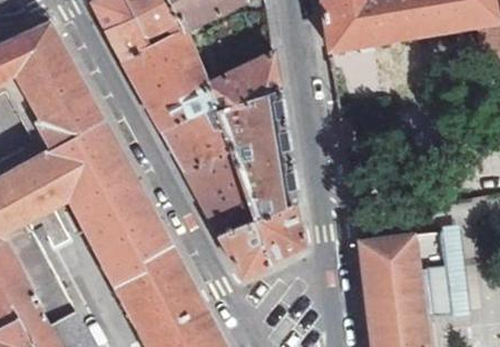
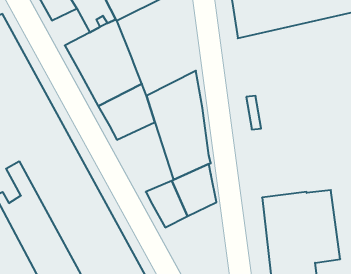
building: [107,16,153,60] -> none
building: [206,48,280,120] -> none
building: [185,151,253,235] -> none

